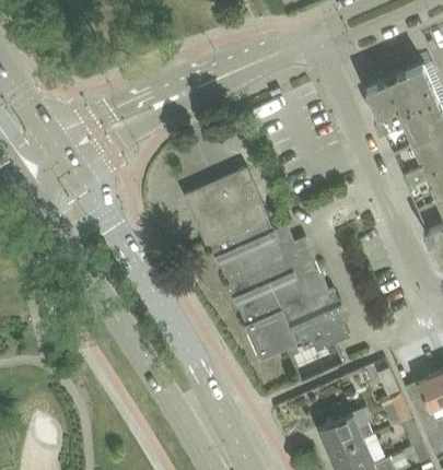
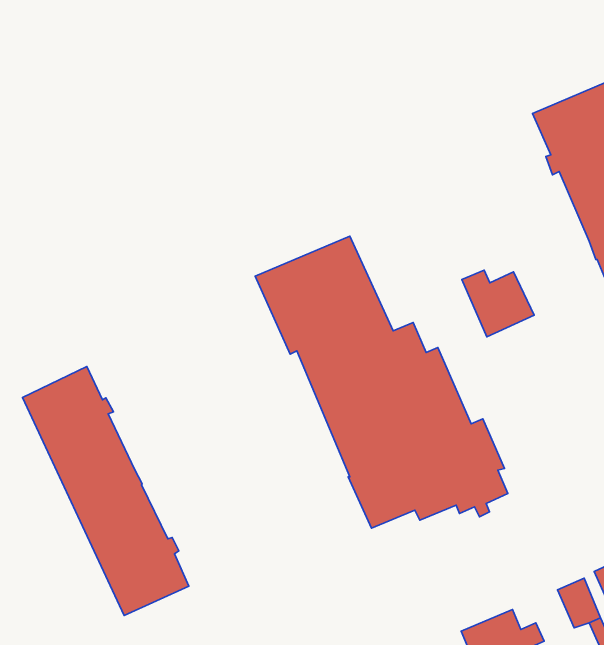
building: none -> [462,270,534,337]
building: none -> [22,366,189,615]

